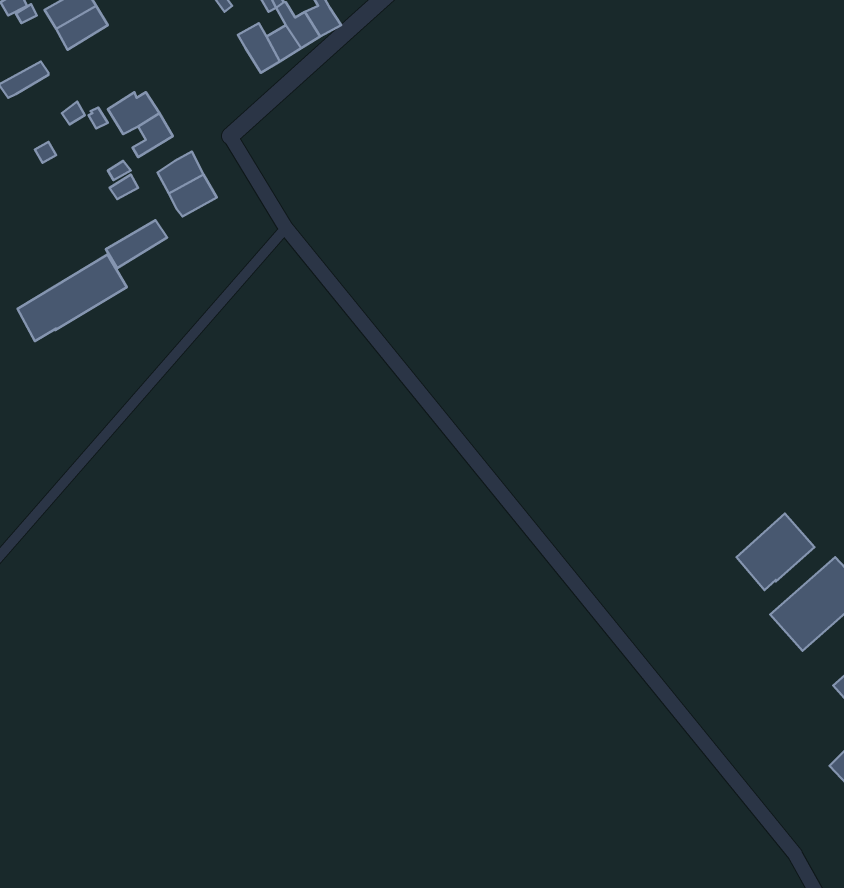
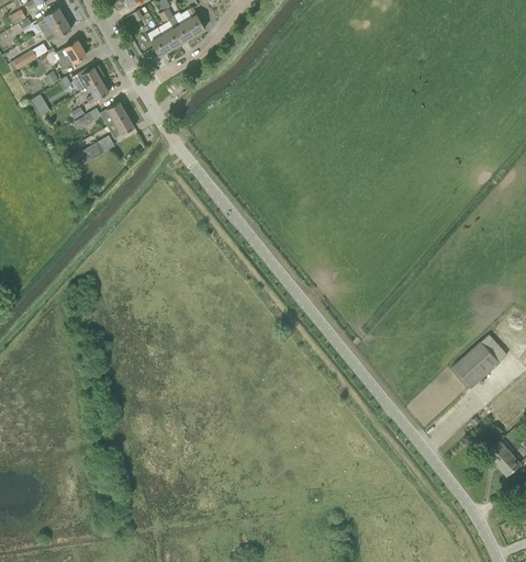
building: none -> [57,40,87,69]
building: [17,254,127,341] -> none
building: [736,514,815,590] -> none

